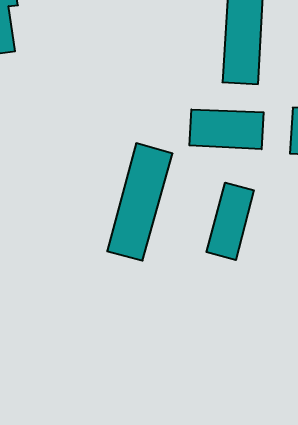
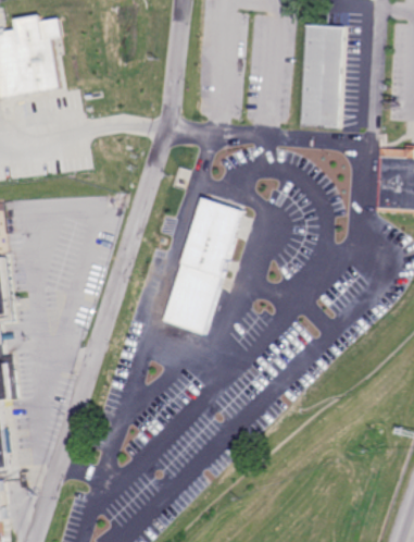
building: [189,109,264,149] -> none
building: [206,183,254,260] -> none

